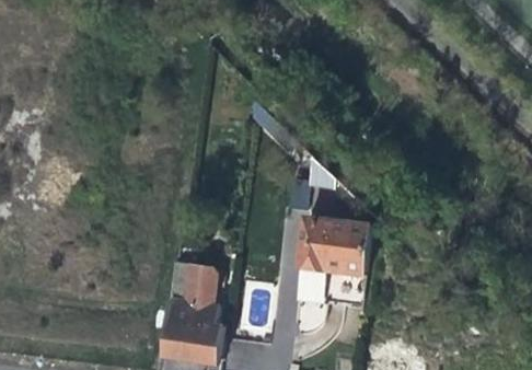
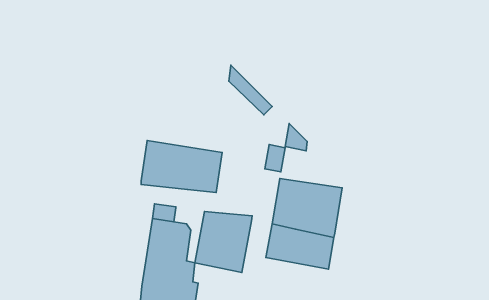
building: none -> [141,141,222,193]
building: none -> [195,211,252,272]

